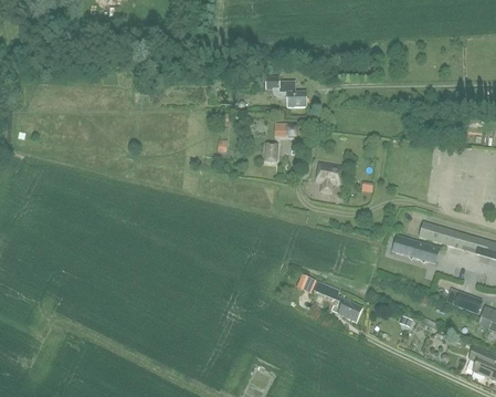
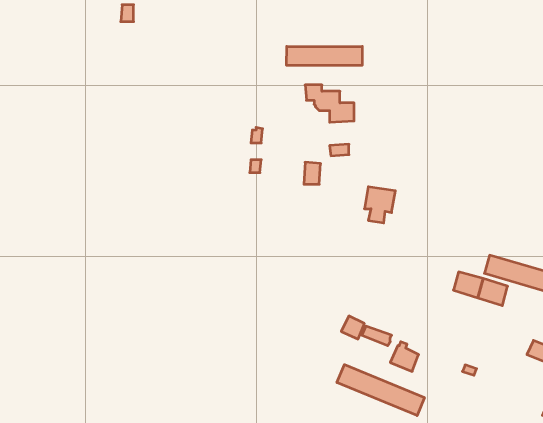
building: none -> [287,46,362,65]
building: none -> [337,365,424,416]

